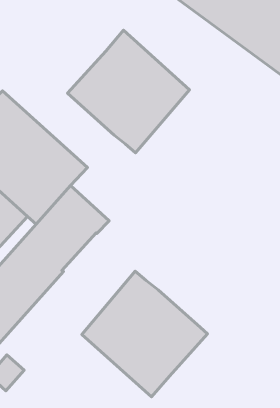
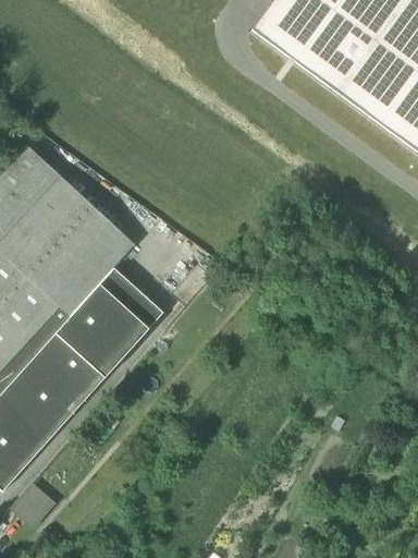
building: [67,30,189,153] -> none
building: [82,271,207,397] -> none

